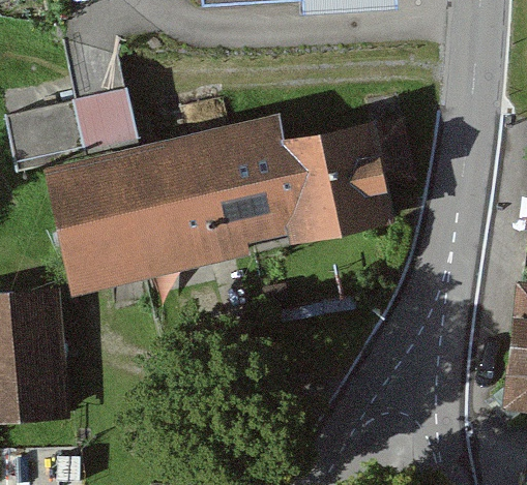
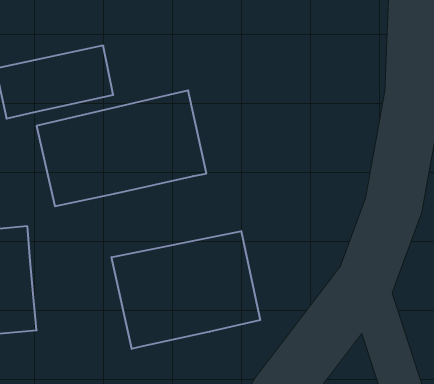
building: [222,121,410,238] -> none
building: none -> [112,231,260,349]

